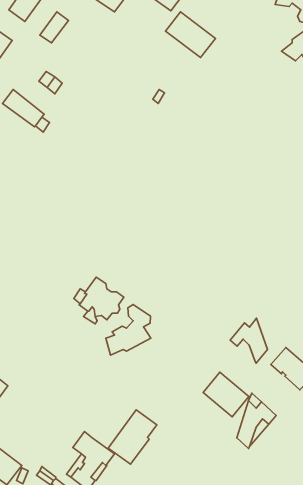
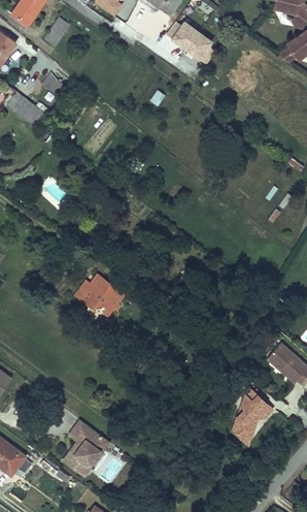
building: [106,305,151,355] -> none
building: [230,318,267,363] -> none
building: [203,372,249,417] -> none
building: [108,410,157,464] -> none

